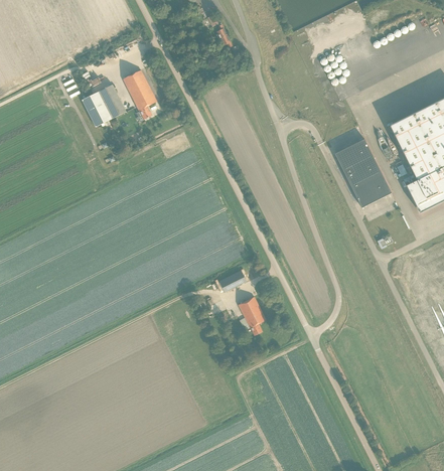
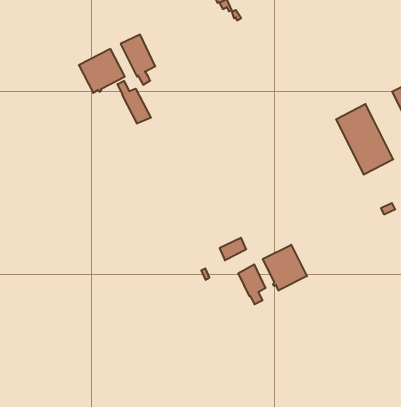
building: none -> [117,81,151,124]
building: none -> [263,245,307,291]

